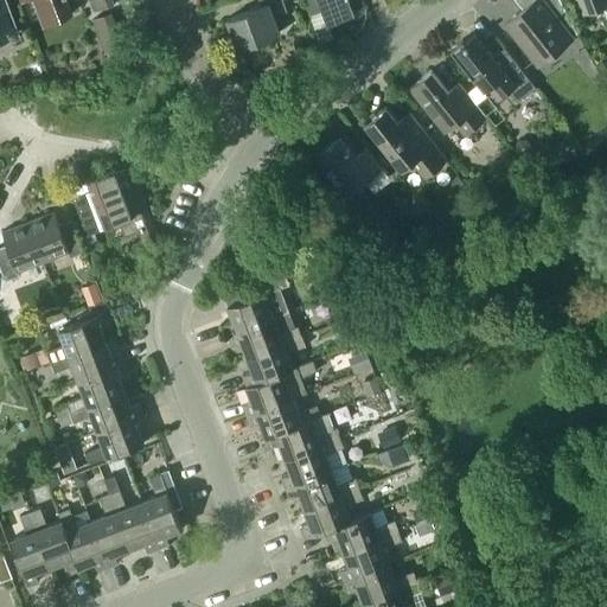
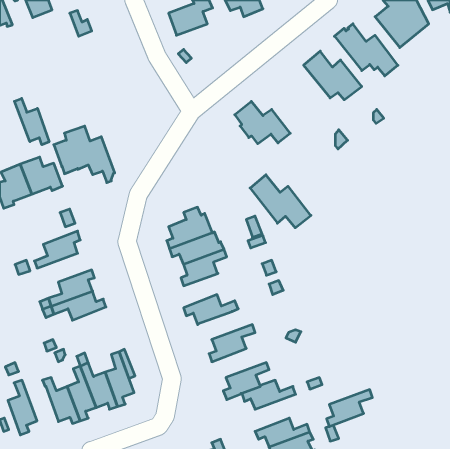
building: [364,107,446,178] -> [250,175,311,228]
building: none -> [14,98,49,145]
building: [50,343,123,382] -> none
building: [242,362,315,416] -> none
building: [84,415,147,465] -> none
building: [266,415,339,459] -> none
building: [285,465,358,510] -> none
building: [30,509,78,571] -> none
building: [339,532,401,582] -> [327,390,372,427]

